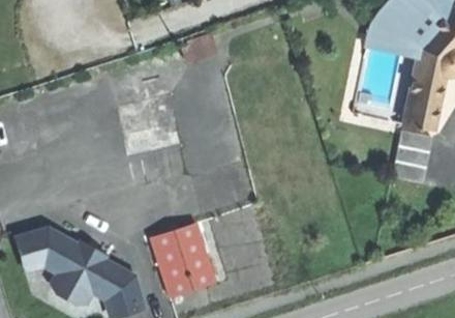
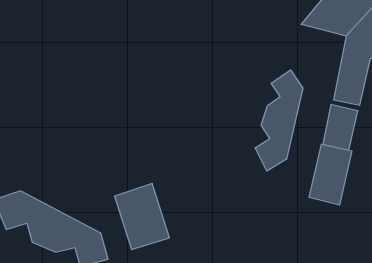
building: none -> [255,70,303,171]
building: none -> [309,144,352,205]

